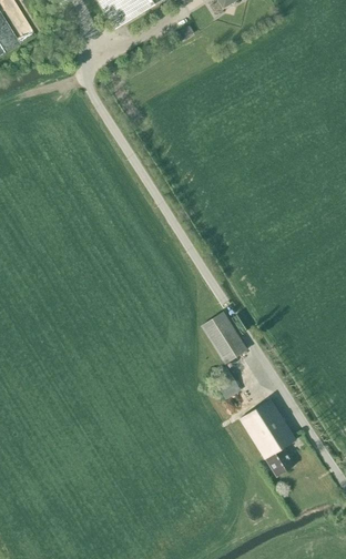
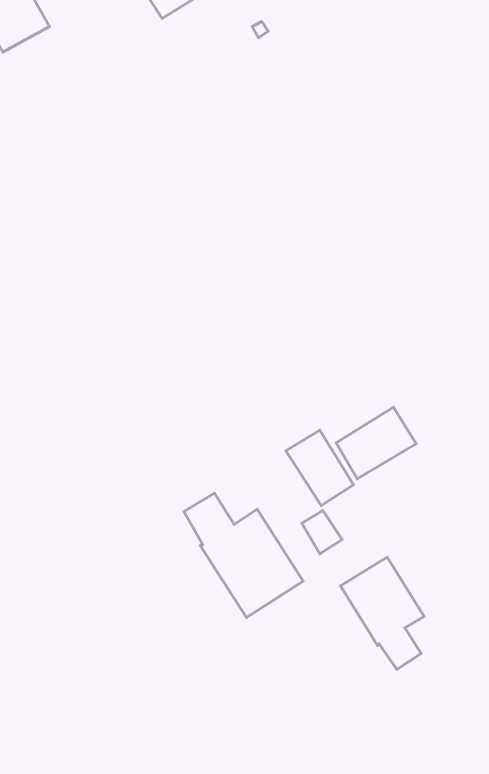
building: none -> [336,407,416,479]
building: none -> [184,493,303,618]

